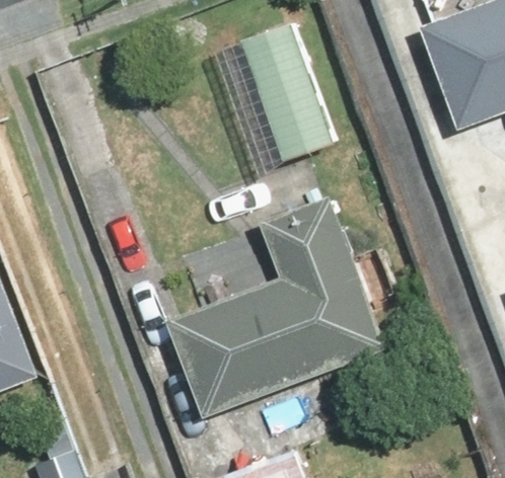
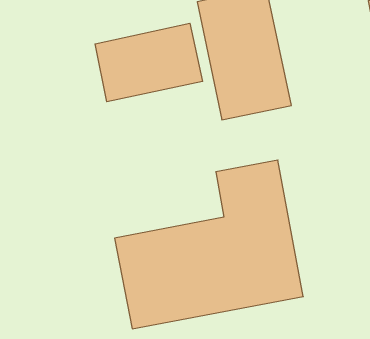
building: none -> [95,23,203,102]

